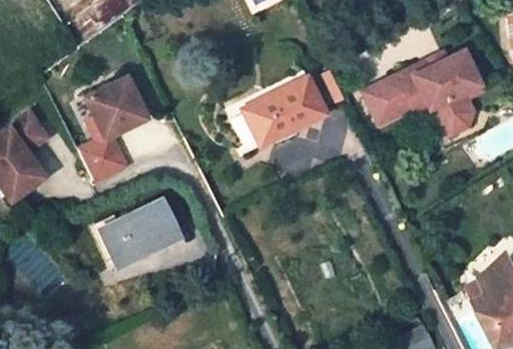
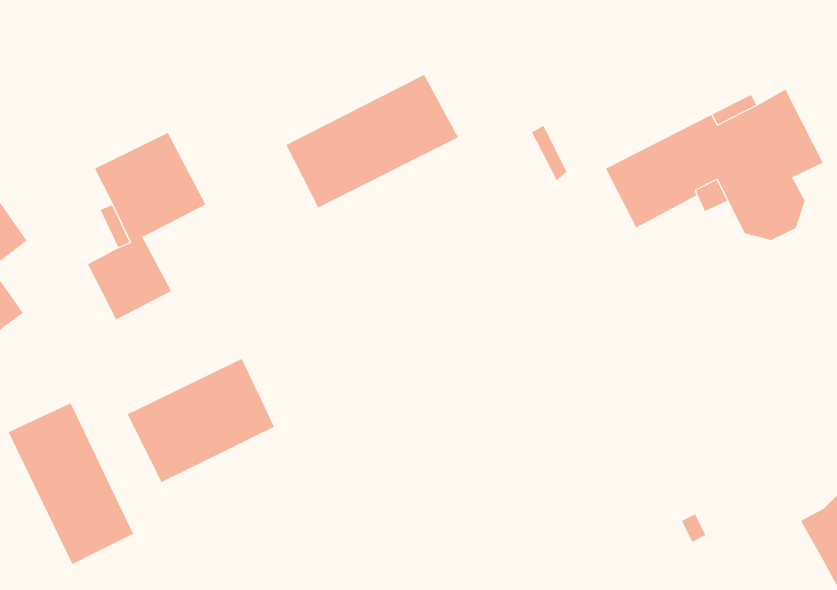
building: [231,78,328,152] -> [285,74,459,208]
building: none -> [8,402,134,565]

